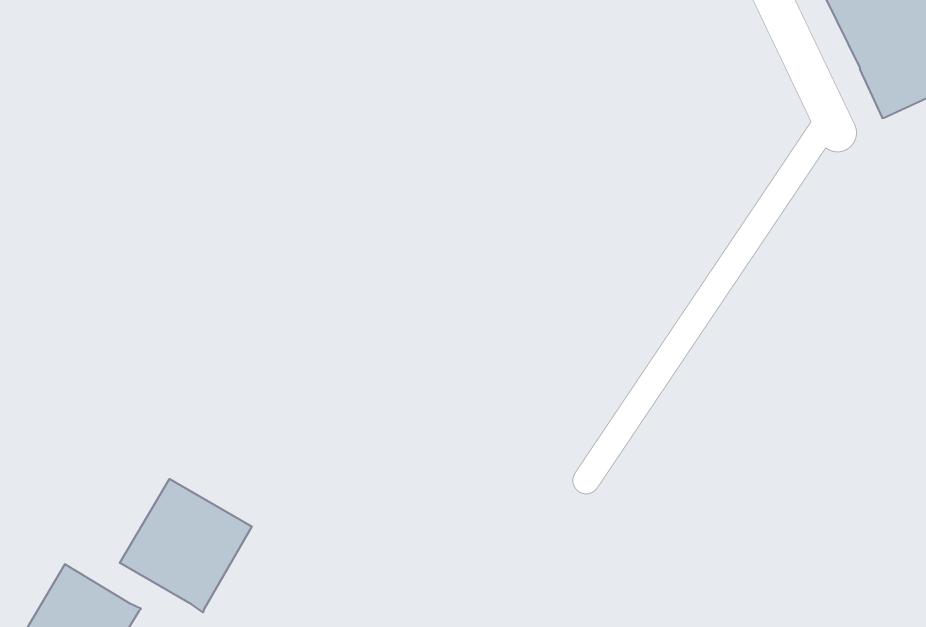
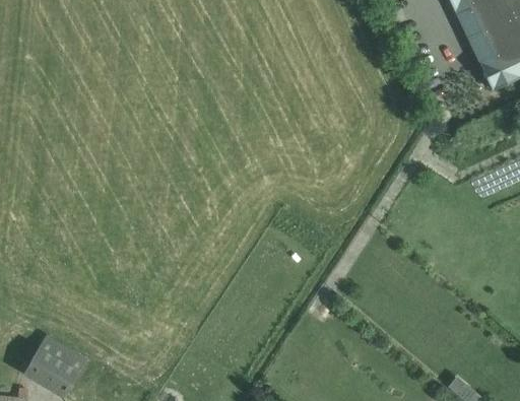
building: [120,479,252,612] -> none

